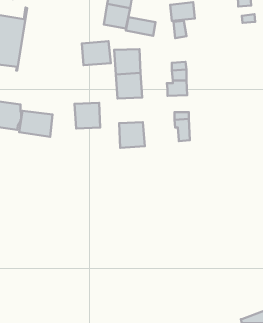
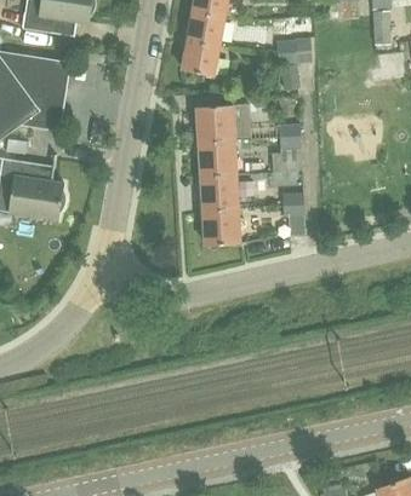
building: [126,17,156,36] -> none
building: [82,41,111,65] -> none
building: [75,103,100,128] -> [200,173,236,209]
building: [19,111,52,137] -> none

